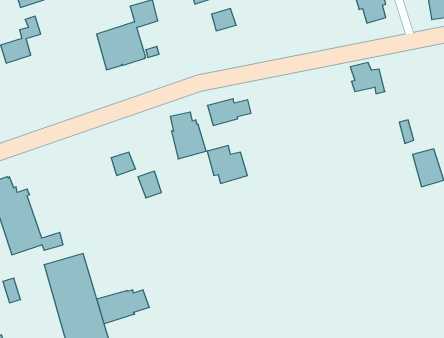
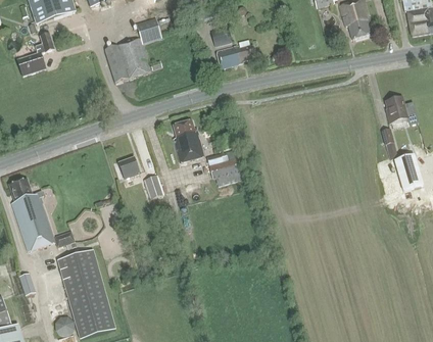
building: [350,63,385,94] -> [384,96,416,125]
building: [207,99,251,125] -> [214,43,254,67]
building: [97,290,149,324] -> none

